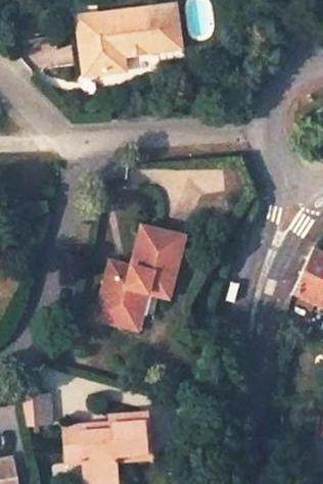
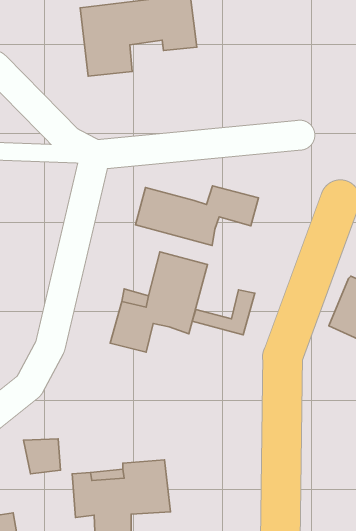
building: none -> [136,186,259,245]
building: [95,292,150,332] -> [192,290,255,335]

